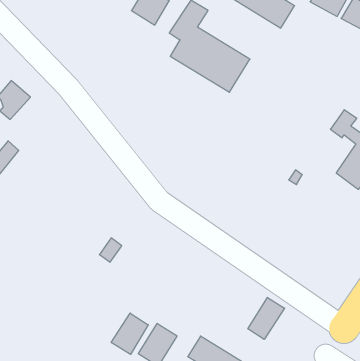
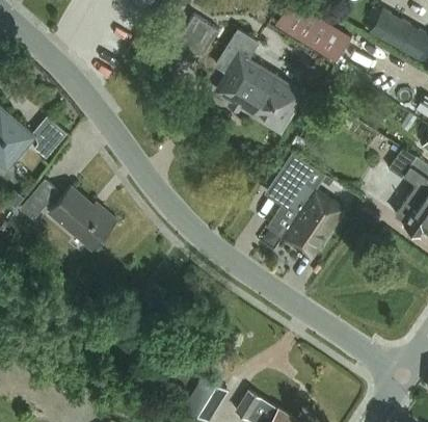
building: none -> [265,154,344,258]
building: none -> [50,188,116,248]
building: [248,297,285,339] -> none
building: [111,313,148,354] -> none

